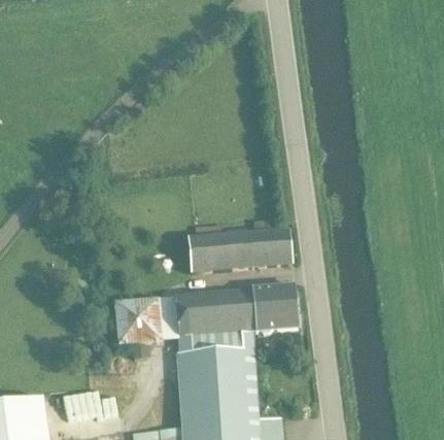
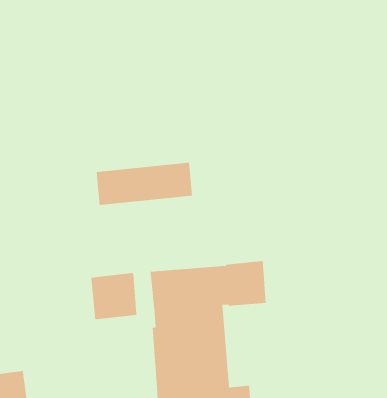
building: [190,226,291,271] -> [96,162,193,206]

